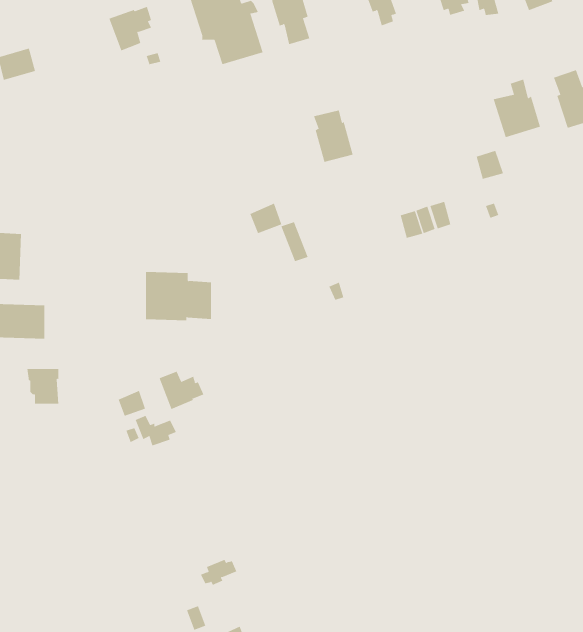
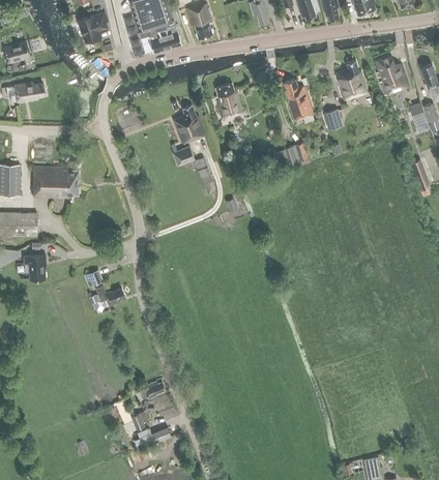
building: none -> [283,79,314,122]
building: none -> [10,82,45,102]
building: none -> [174,103,204,142]
building: [145,271,212,321] -> [33,163,78,197]
building: [159,371,204,410] -> none

